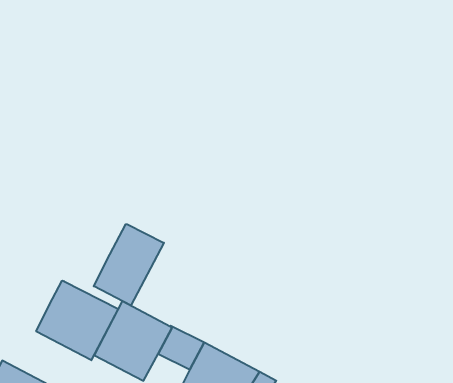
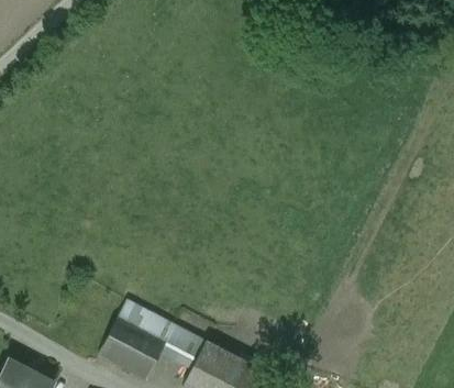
building: [94,224,164,306] -> none
building: [36,281,118,360] -> none

